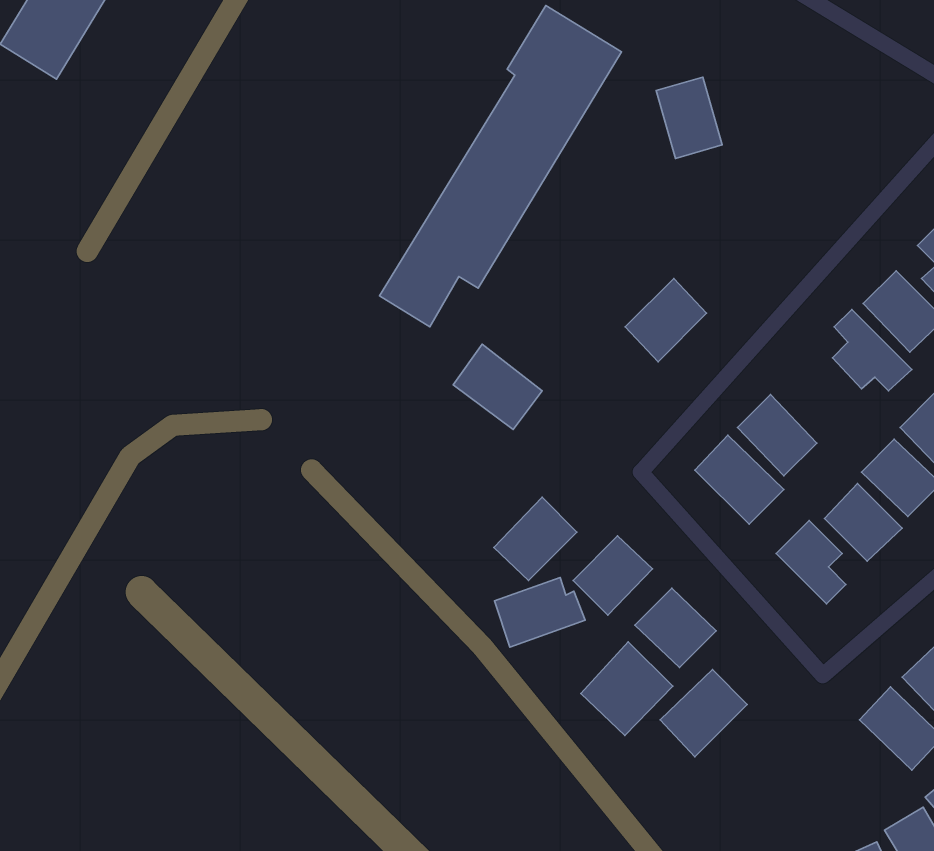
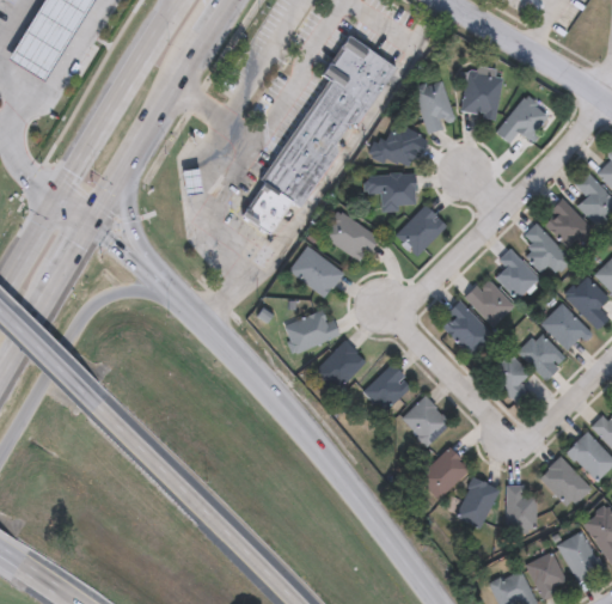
building: none -> [463,67,503,117]
building: none -> [498,96,550,142]
building: none -> [369,123,427,169]
building: none -> [363,173,416,211]
building: none -> [322,211,378,261]
building: none -> [495,249,540,300]
building: [494,578,585,647] -> [284,310,341,353]
building: [581,642,673,736] -> none
building: none -> [455,477,498,529]
building: none -> [507,484,538,530]

